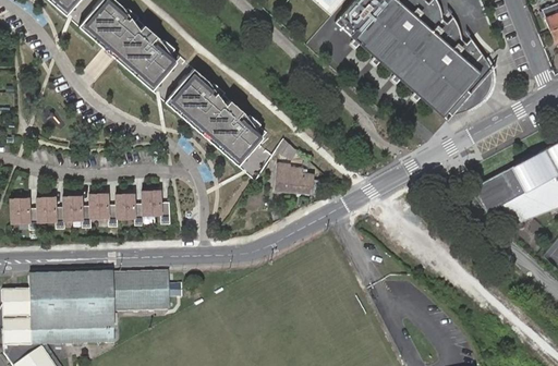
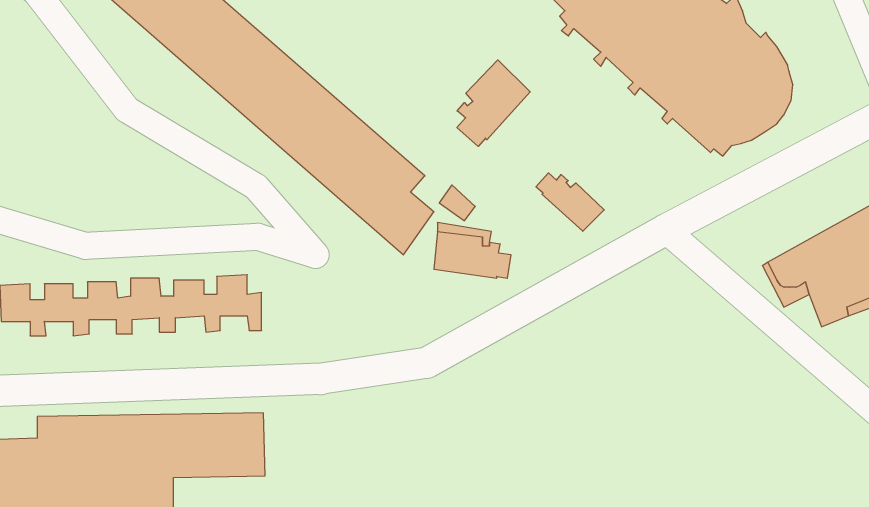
building: none -> [457,60,530,146]
building: none -> [536,173,604,231]

